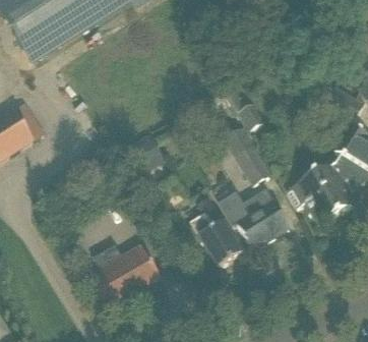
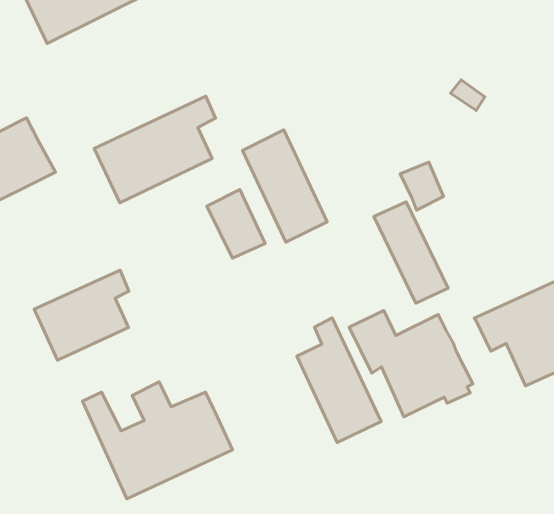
building: none -> [94,96,215,203]
building: none -> [242,130,327,242]
building: none -> [34,270,129,360]

